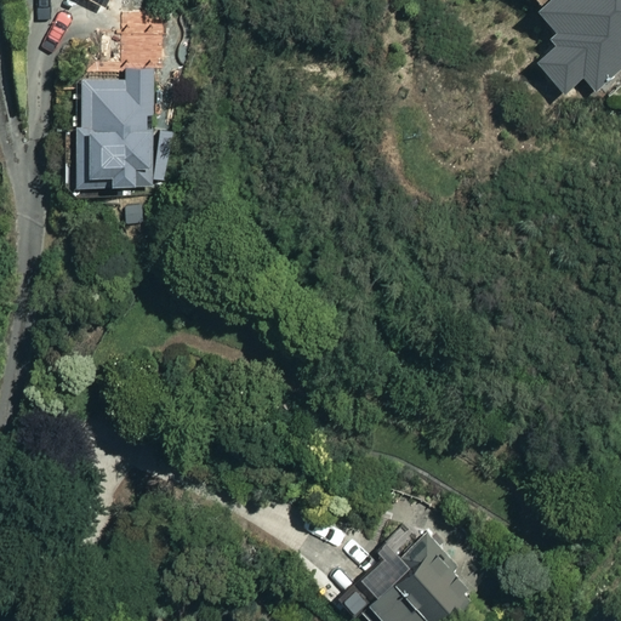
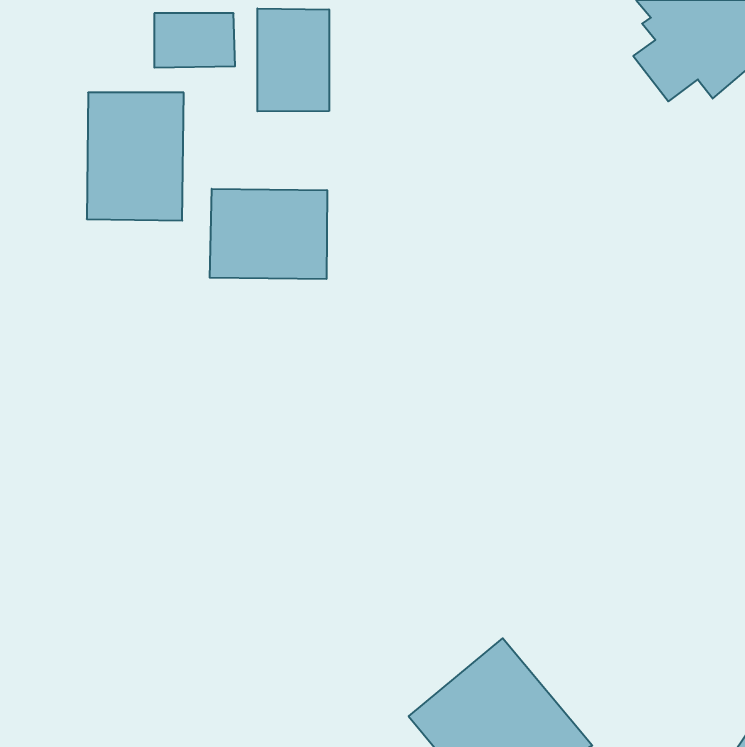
building: none -> [257,8,329,111]
building: none -> [210,189,327,279]

